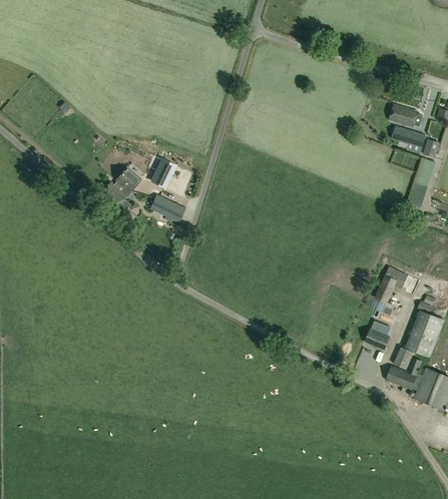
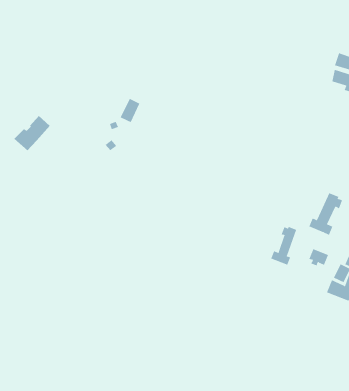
building: [97,166,139,207] -> [13,115,50,151]
building: [148,193,184,220] -> none
building: none -> [270,226,297,266]

